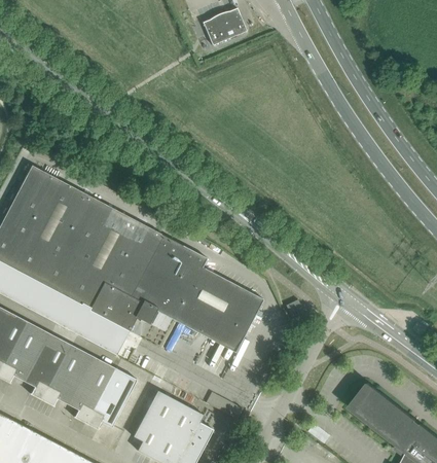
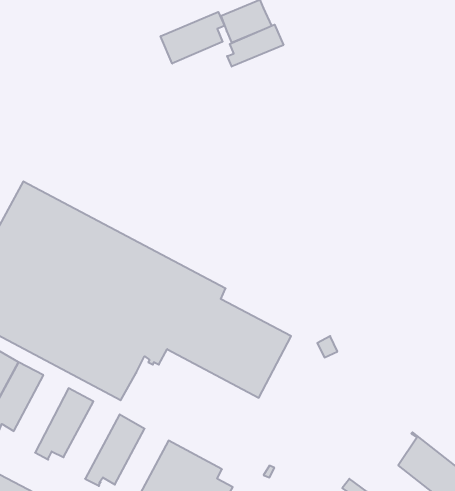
building: none -> [161,12,225,64]
building: none -> [227,25,283,67]
building: [24,333,71,400] -> none
building: [67,356,115,423] -> none

